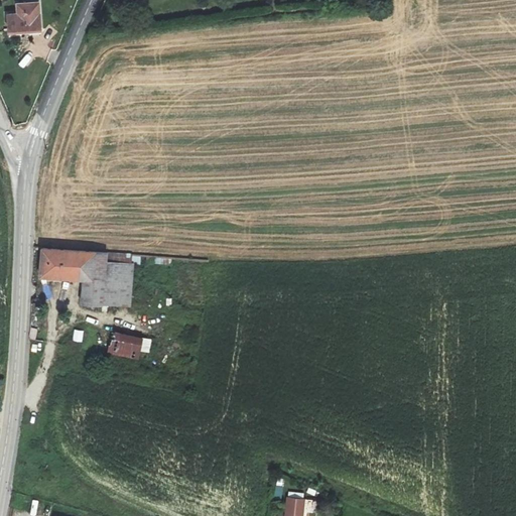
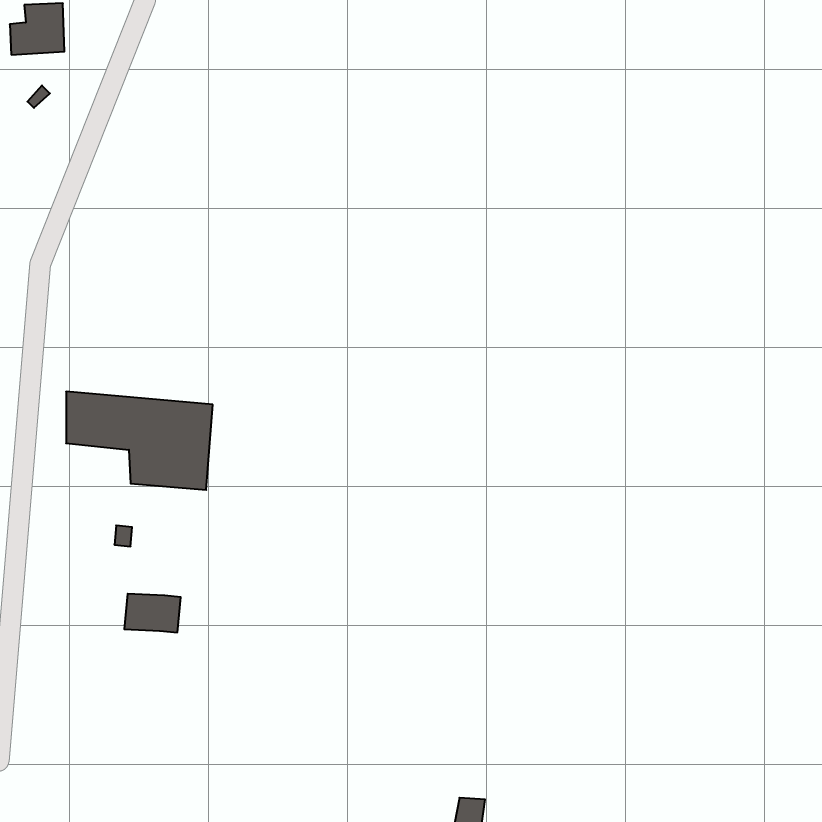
building: [108,336,143,360] -> [124,594,181,632]

